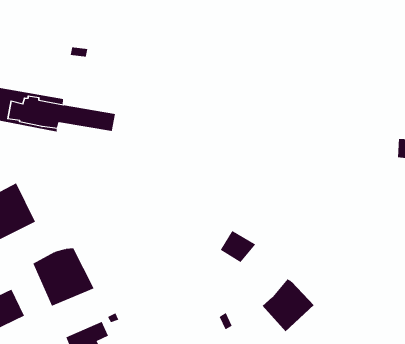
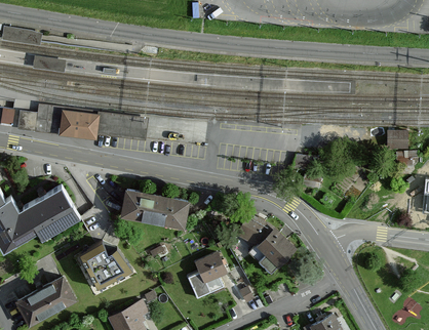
building: none -> [122,191,188,228]
building: none -> [188,254,227,299]
building: [262,279,314,332] -> [249,229,295,275]

